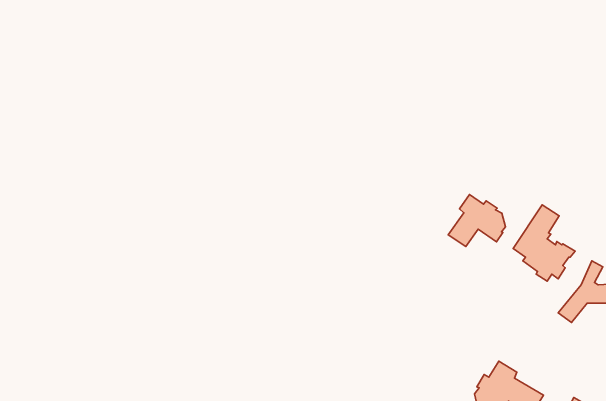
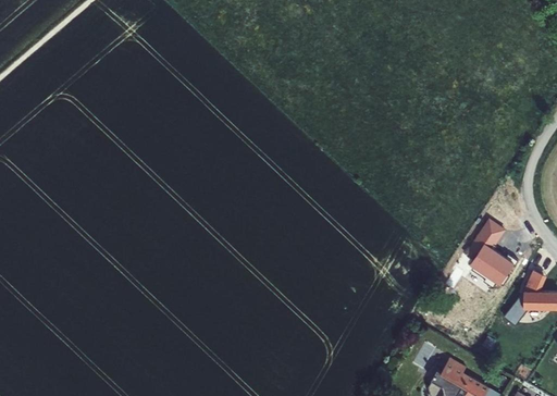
building: [448,195,506,247] -> none

